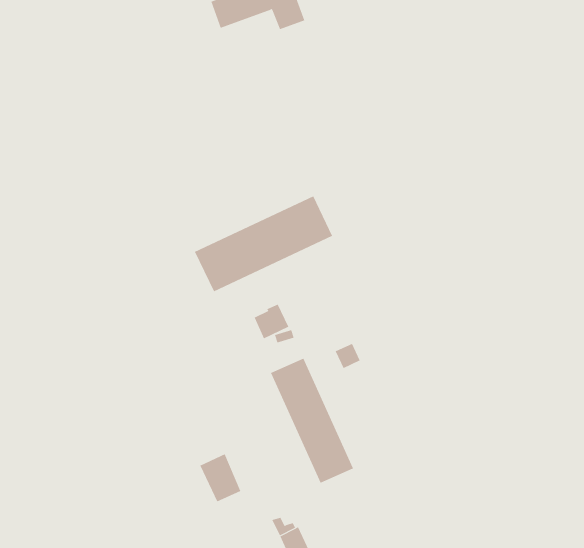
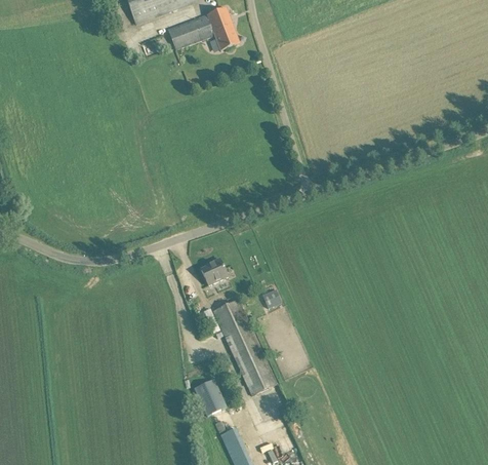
building: [194,196,333,292] -> none
building: [199,453,241,502] -> [194,379,226,416]

